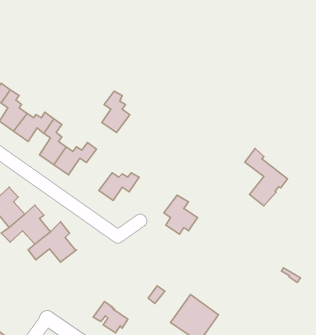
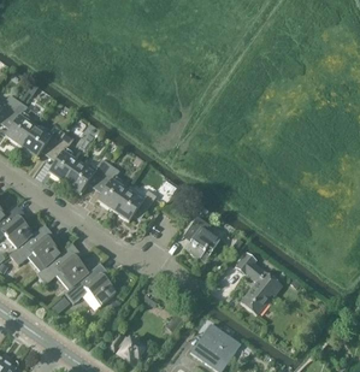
building: [102,91,130,133] -> [96,165,126,209]
building: [245,149,288,206] -> [235,252,281,313]
building: none -> [64,262,116,307]

